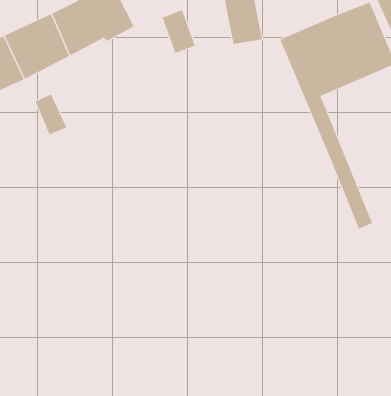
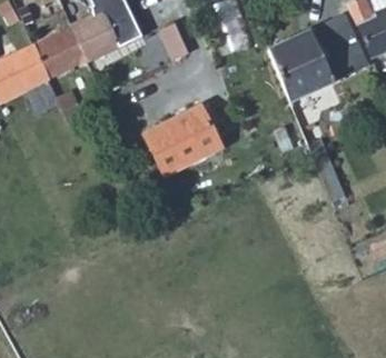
building: none -> [142,102,221,175]

